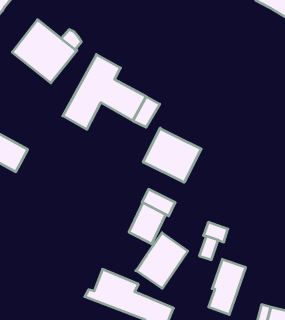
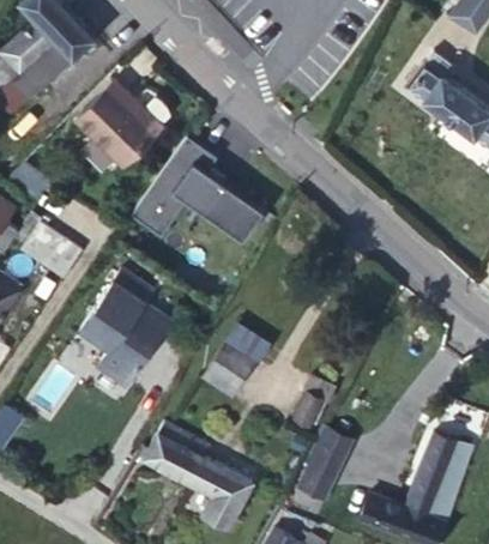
building: [143,128,201,182] -> none
building: none -> [80,272,169,386]
building: [136,233,188,288] -> none

